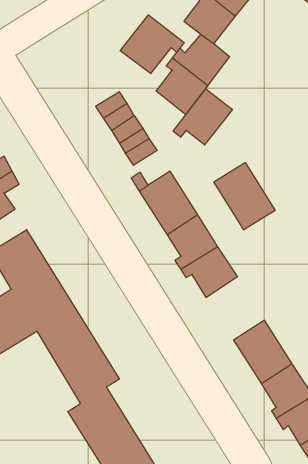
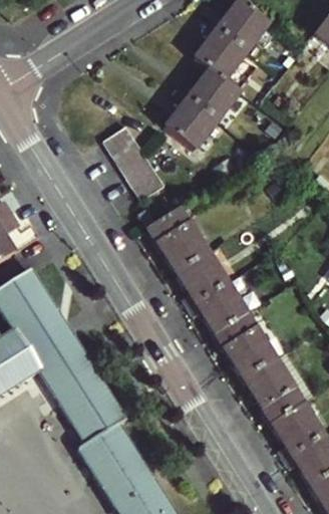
building: [120,15,184,74] -> none
building: [173,89,233,145] -> none
building: [214,163,275,230] -> none
building: none -> [215,314,274,378]

